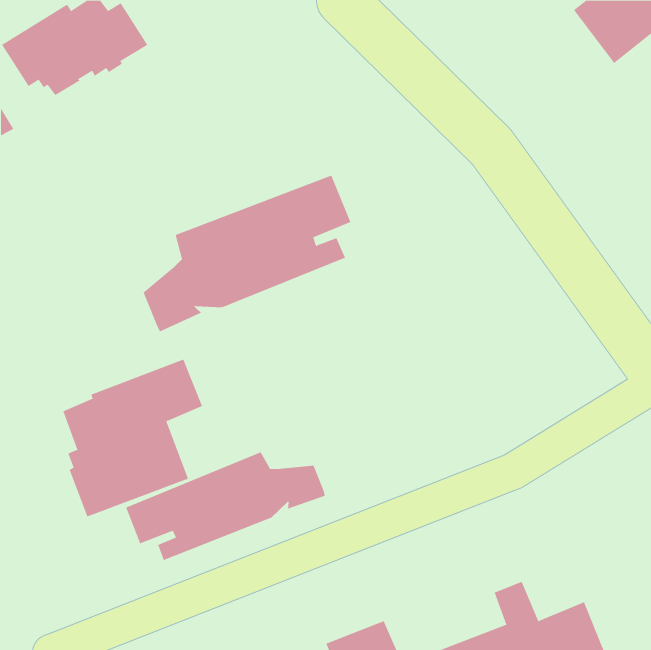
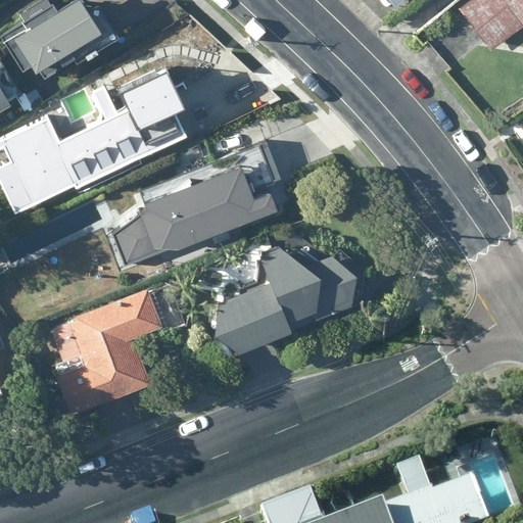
building: none -> [6,76,173,200]
building: none -> [212,246,358,352]
building: [126,451,326,561] -> none

